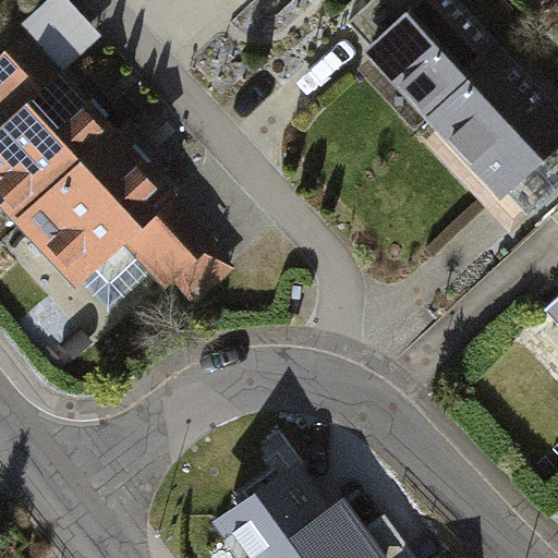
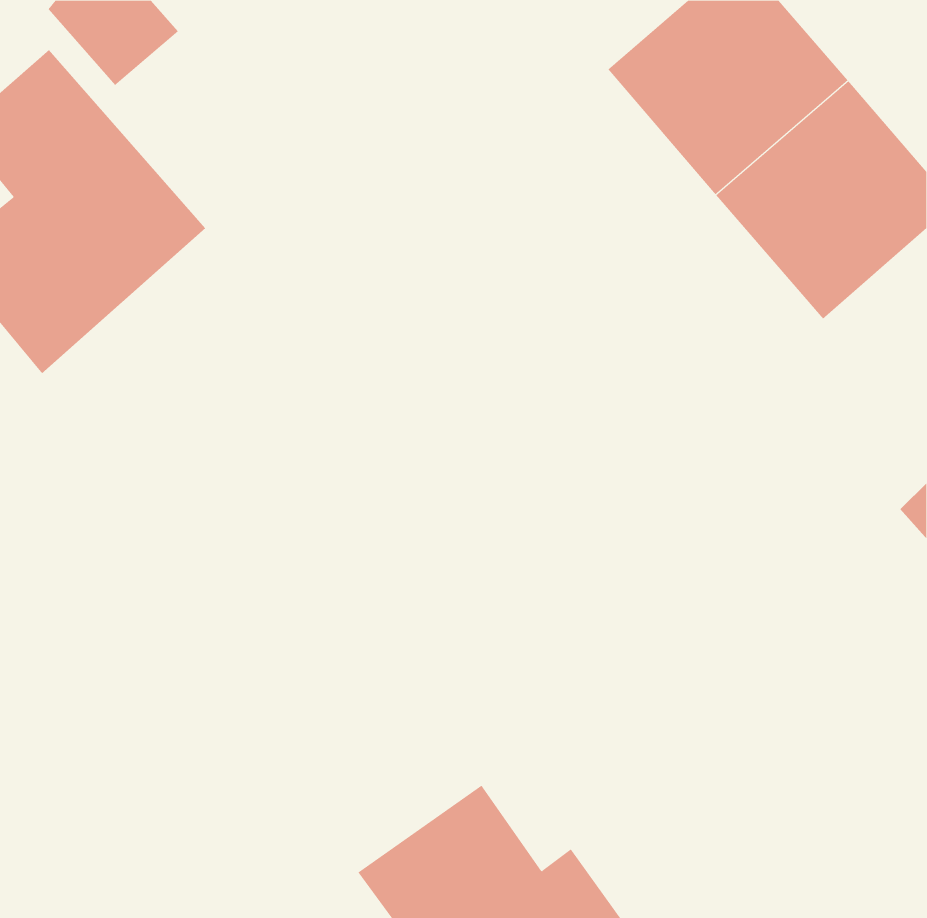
building: [25,145,232,312] -> none

